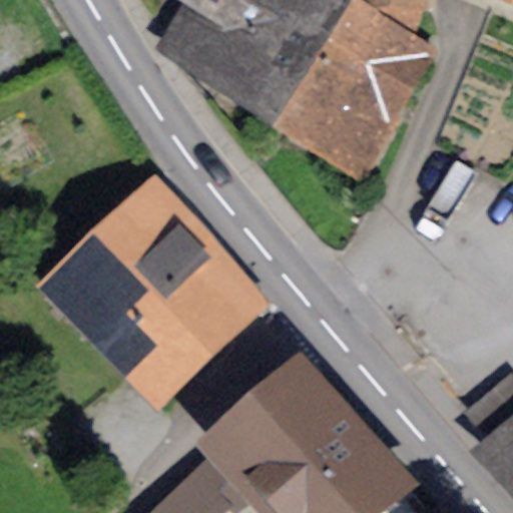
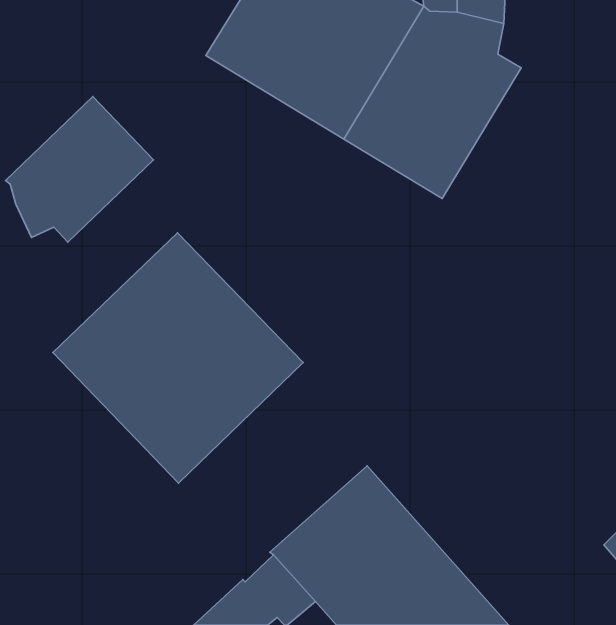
building: none -> [6,97,153,242]

